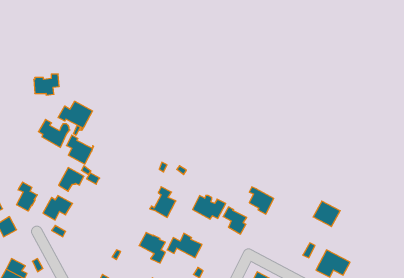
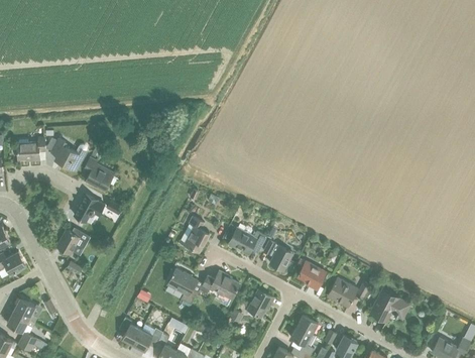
building: [34,74,59,95] -> [16,137,45,161]
building: [58,101,93,130] -> none
building: [17,182,37,211] -> none
building: [249,187,274,214] -> [296,259,325,290]
building: [313,201,340,227] -> [326,277,357,307]
building: none -> [246,289,273,318]

